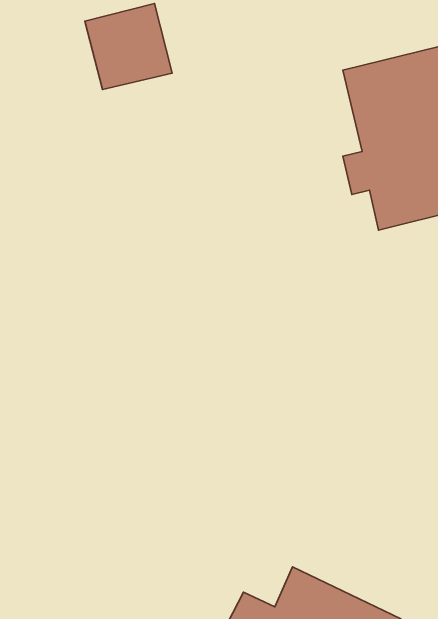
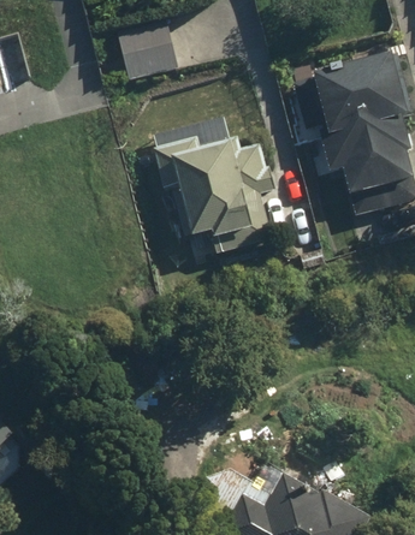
building: none -> [146,130,271,233]

